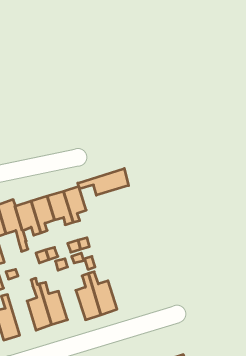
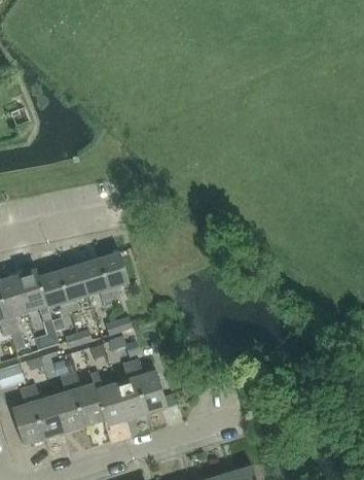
building: [78,168,129,195] -> none
building: none -> [90,372,128,426]
building: none -> [29,385,65,440]

